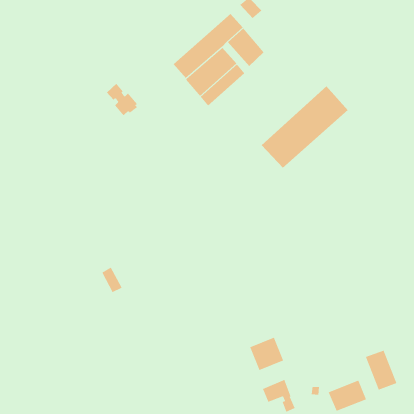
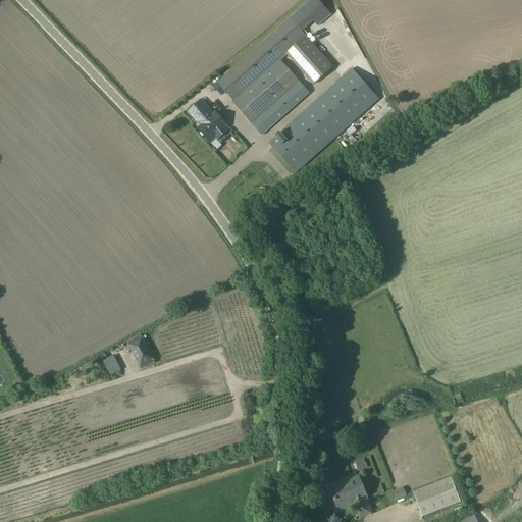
building: [106,83,138,116] -> [189,99,228,141]
building: [261,86,348,169] -> [269,67,379,171]
building: [250,337,284,371] -> none
building: [365,350,397,390] -> none

